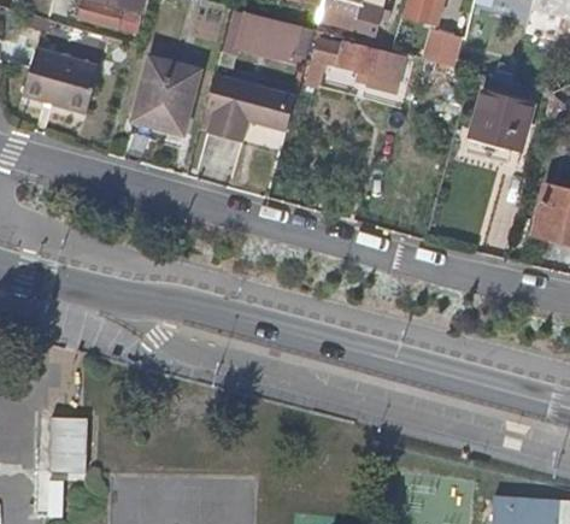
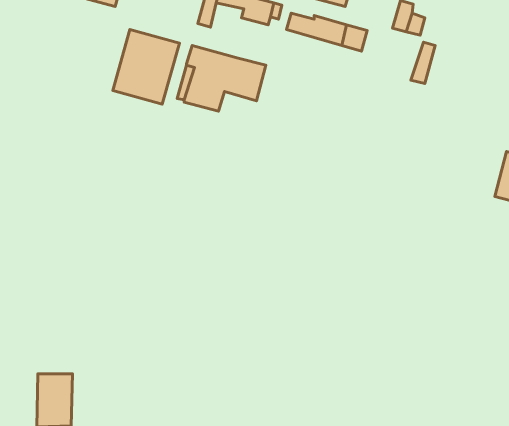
building: [22,47,99,111] -> none
building: [466,92,533,161] -> none

